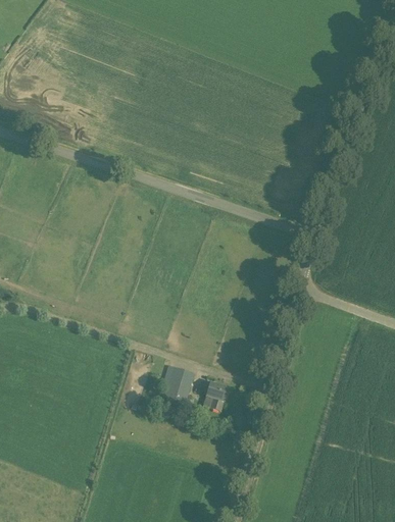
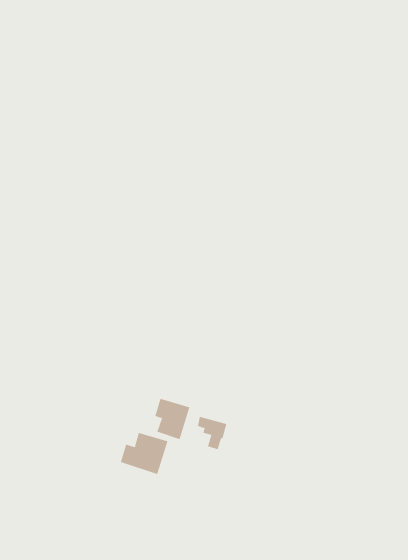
building: none -> [120,432,168,475]

